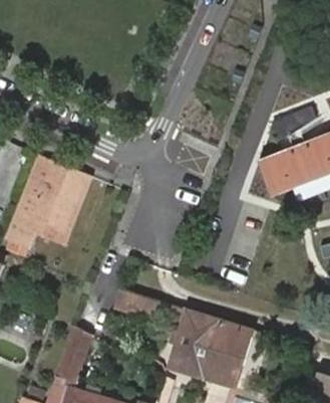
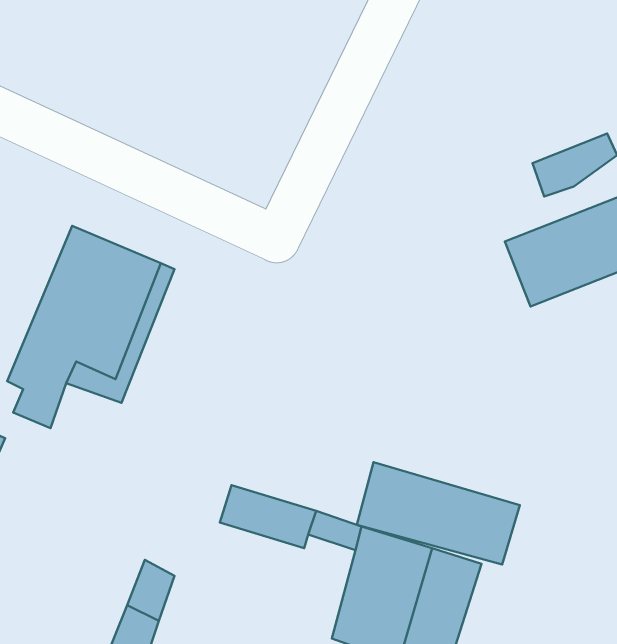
building: none -> [357,462,520,564]

